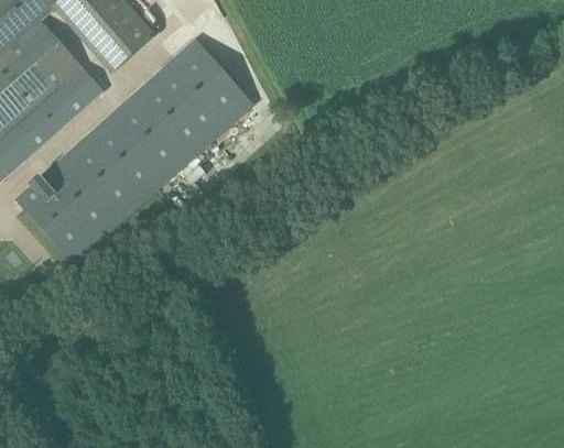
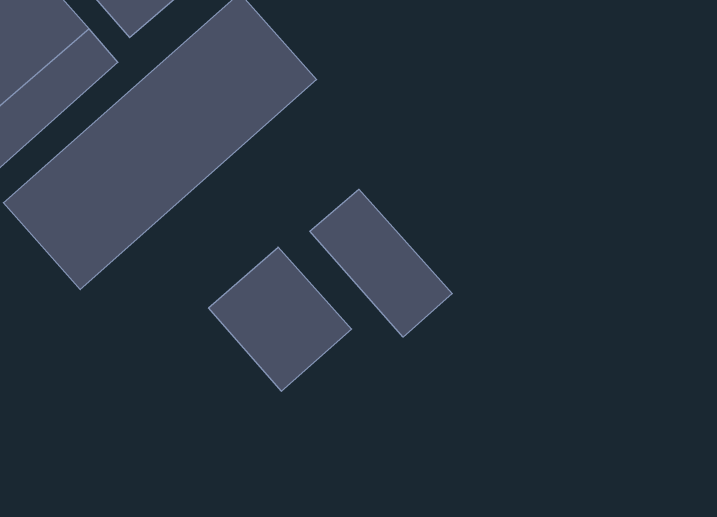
building: none -> [310,189,452,337]
building: none -> [209,247,352,391]

